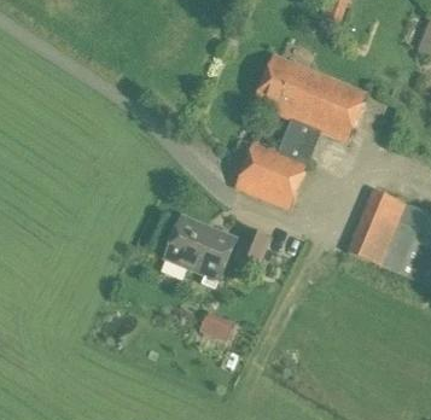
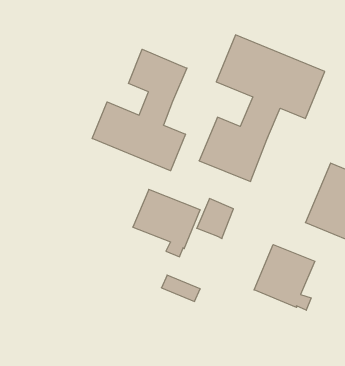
building: none -> [92,49,187,171]
building: none -> [254,245,315,310]

